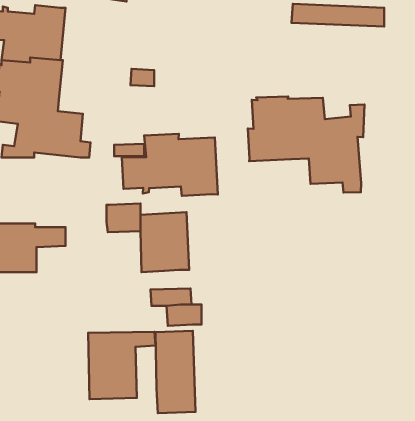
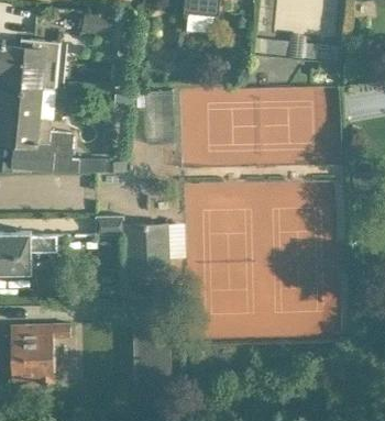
building: [248,96,364,193] -> none
building: [122,134,218,196] -> none
building: [88,332,156,399] -> [12,326,72,386]

